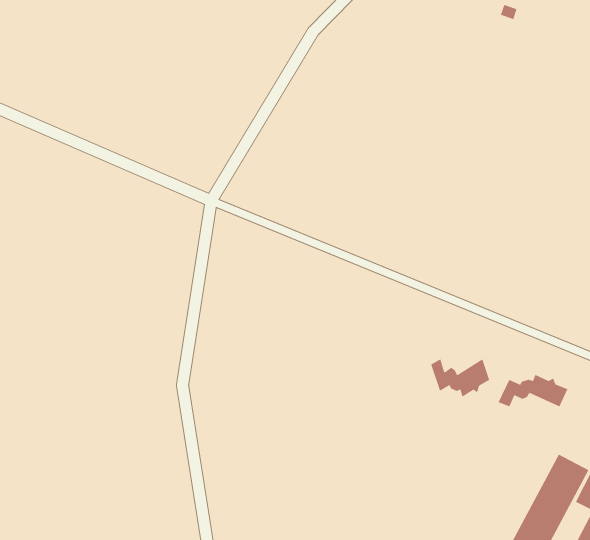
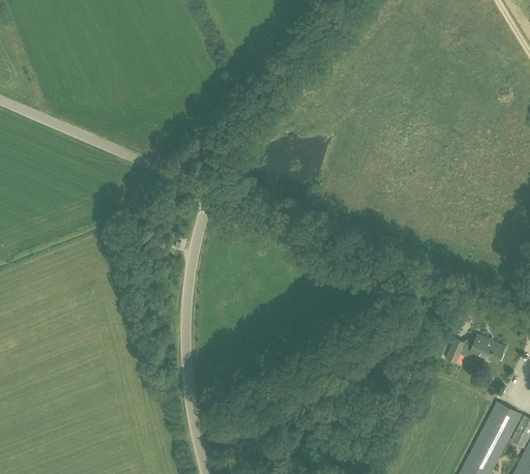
building: [430,358,490,398] -> none

